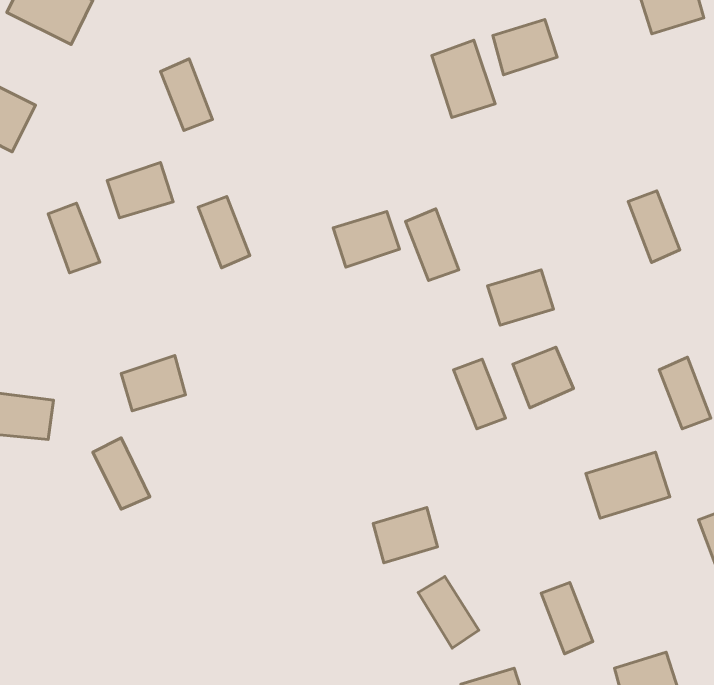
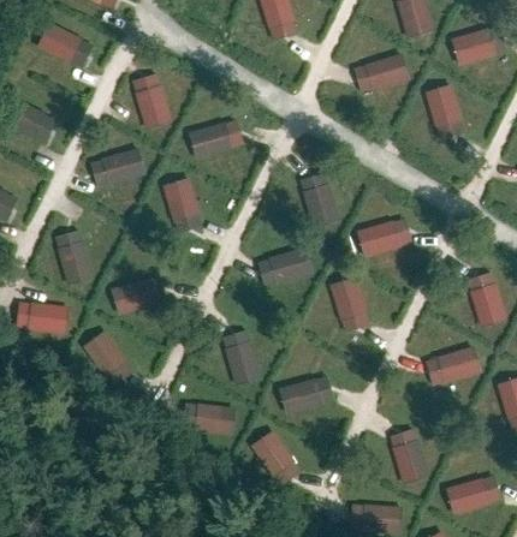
building: [432,40,495,118] -> none
building: none -> [186,120,231,157]
building: [628,191,680,262] -> [430,86,465,135]
building: [48,203,100,273] -> [59,240,94,287]
building: [333,212,399,267] -> [263,249,308,286]
building: [513,347,573,408] -> none
building: none -> [227,339,263,387]
building: none -> [194,405,233,435]
building: [418,577,479,648] -> [257,436,298,484]

